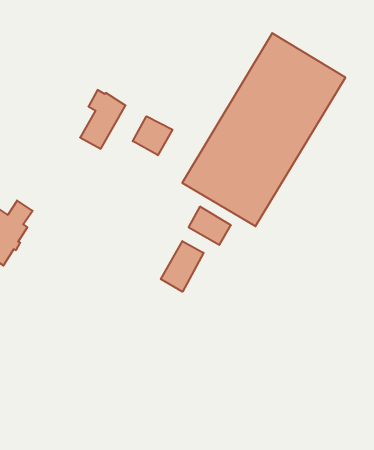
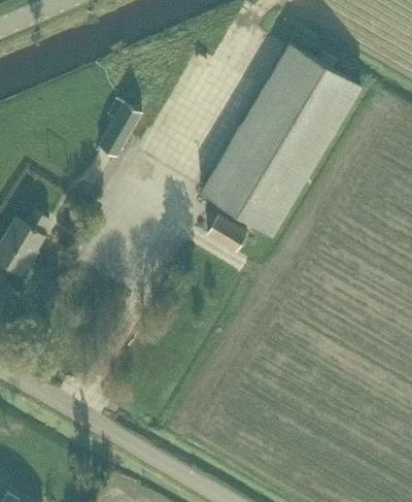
building: [133,116,172,155] -> none
building: [161,241,204,292] -> none

